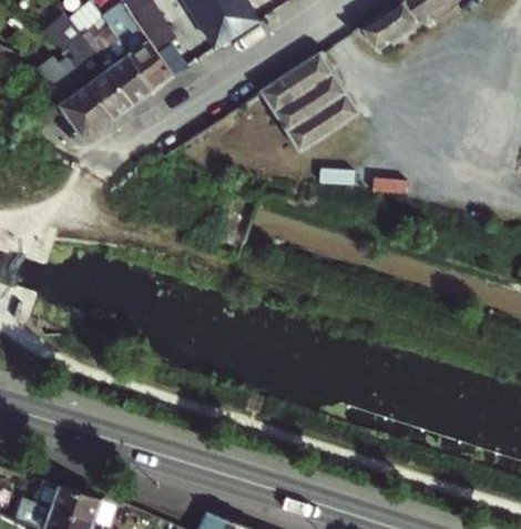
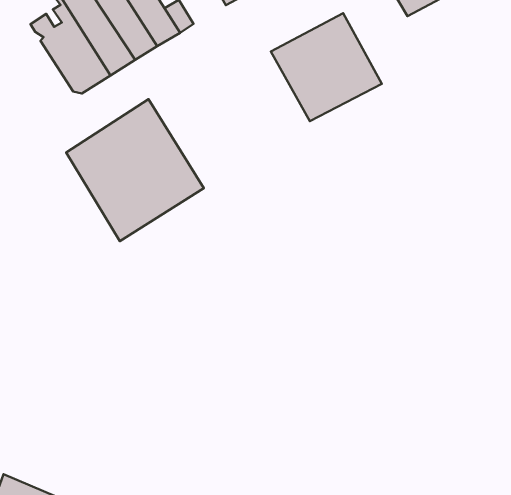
building: none -> [66,99,204,241]

